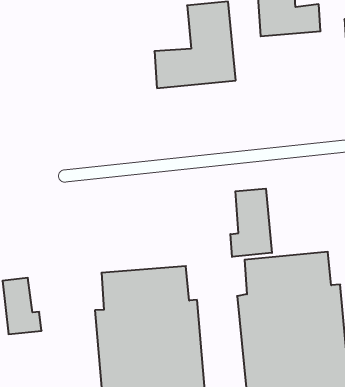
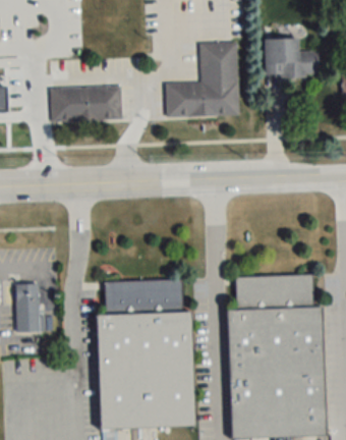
building: none -> [52,86,122,120]
building: [230,189,272,257] -> none

